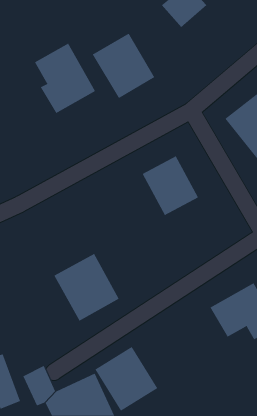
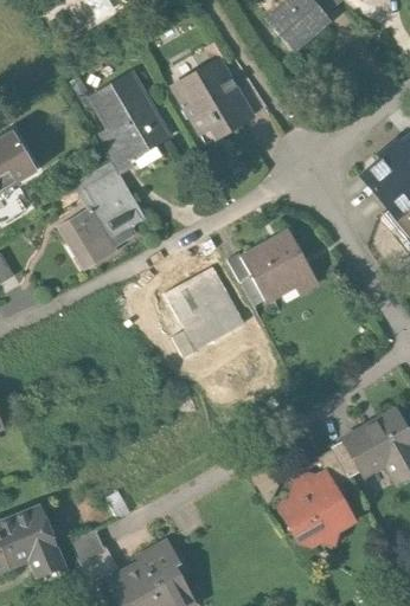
building: none -> [56,167,145,269]
building: [53,253,119,321] -> [158,259,251,356]
building: [95,346,158,411] -> [268,464,358,556]

